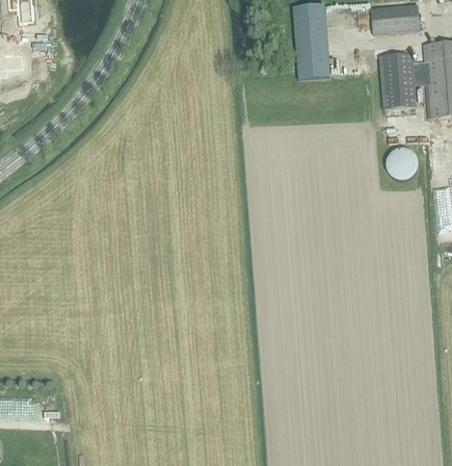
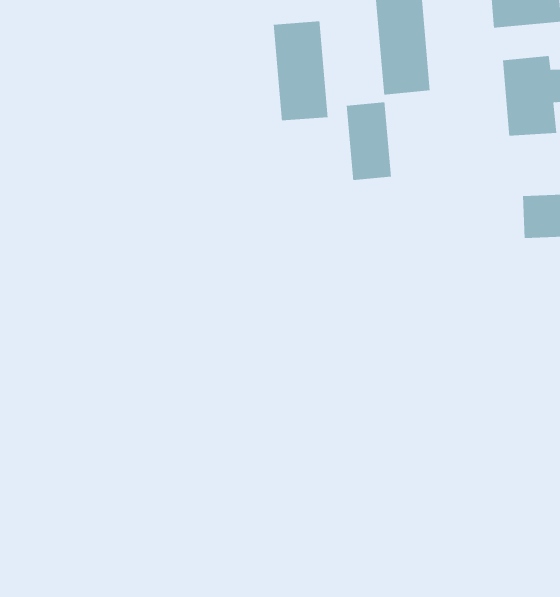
building: none -> [273,21,328,121]
building: none -> [346,101,391,181]

